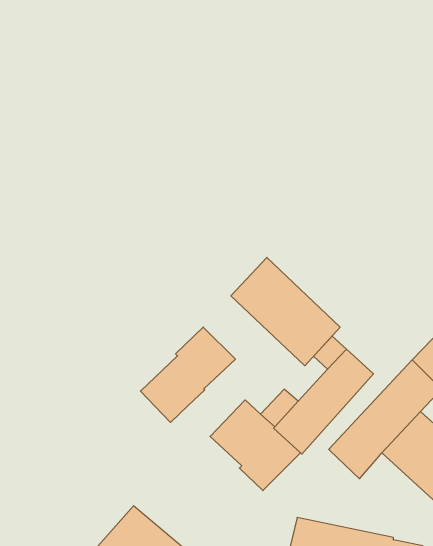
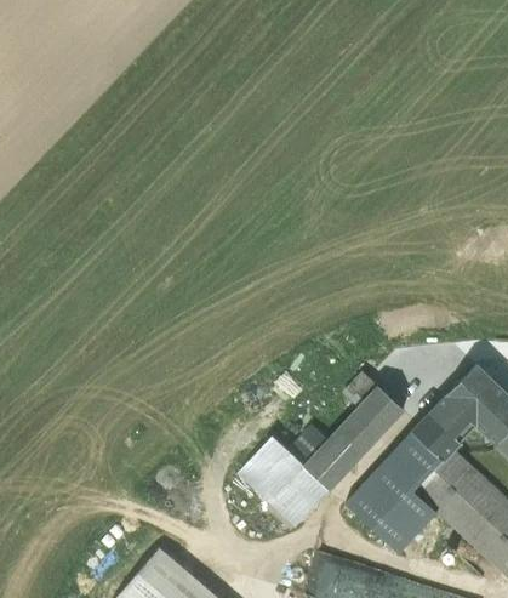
building: [231,257,340,366] -> none
building: [140,327,235,422] -> none
building: none -> [344,490,424,546]

